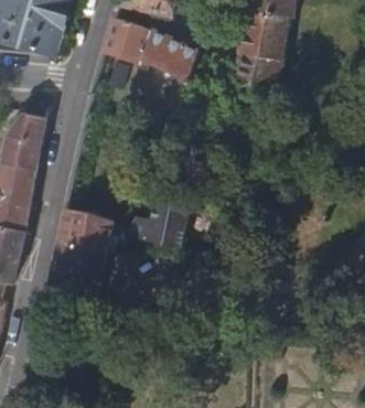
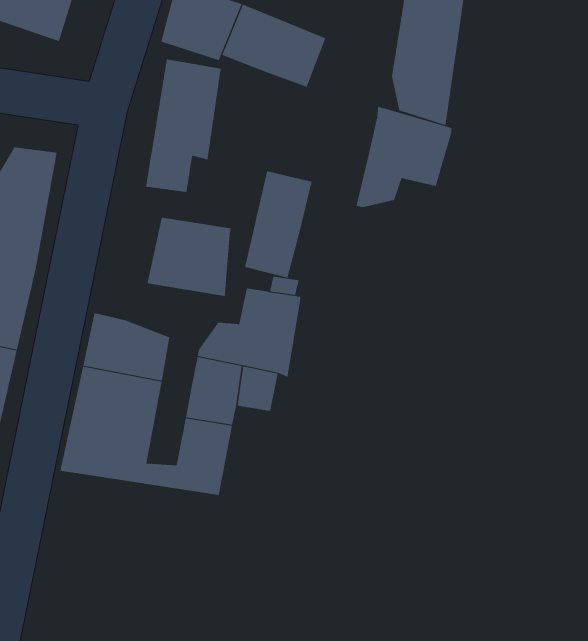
building: none -> [356,106,452,208]
building: none -> [245,171,312,278]
building: none -> [147,217,231,297]

